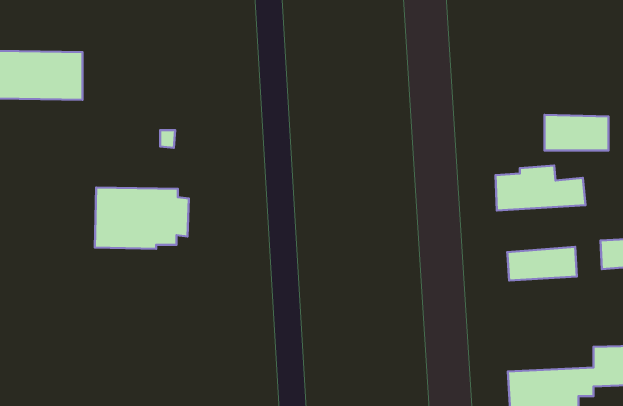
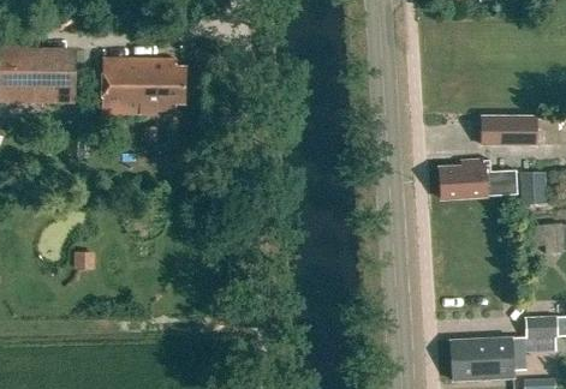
building: none -> [520,172,546,203]
building: [95,188,189,249] -> [101,59,184,113]
building: [507,247,577,281] -> none

